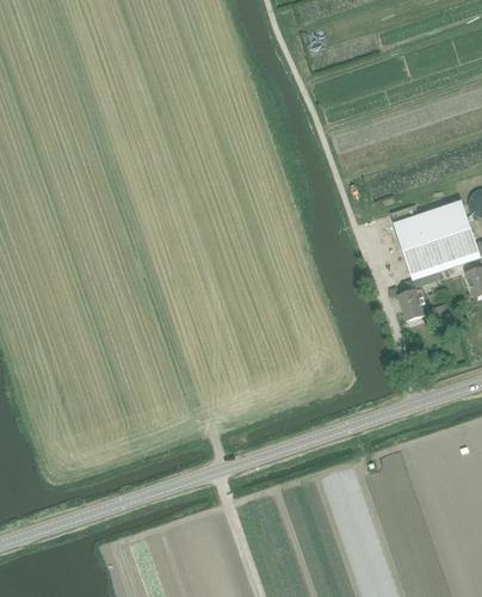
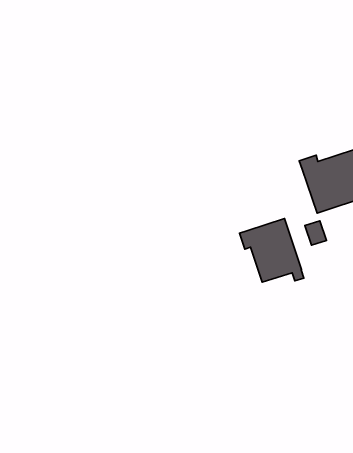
building: none -> [240,218,304,282]

